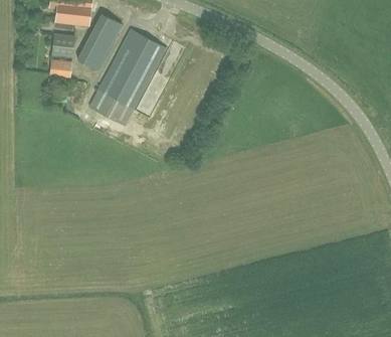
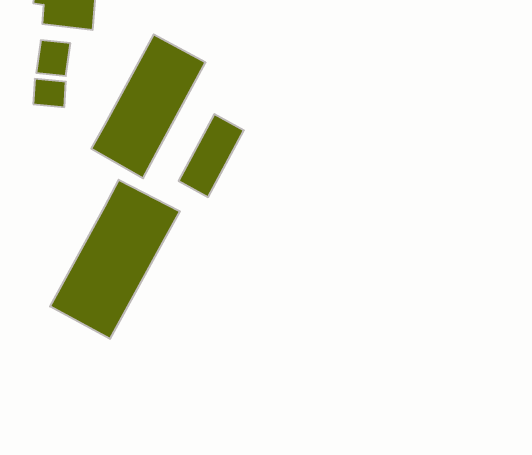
building: [77,13,122,69] -> [179,114,244,197]
building: none -> [50,180,180,339]

